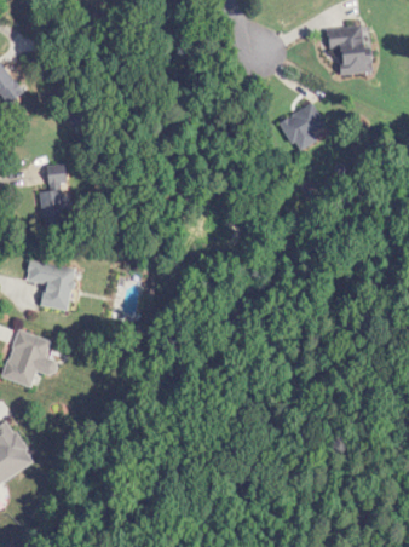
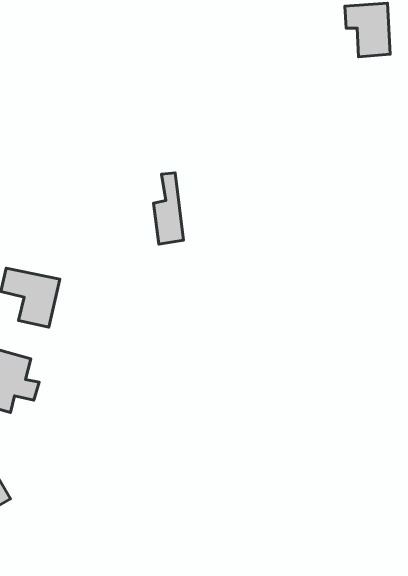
building: [278,100,324,150] -> none
building: [39,165,65,228] -> [153,173,184,244]

